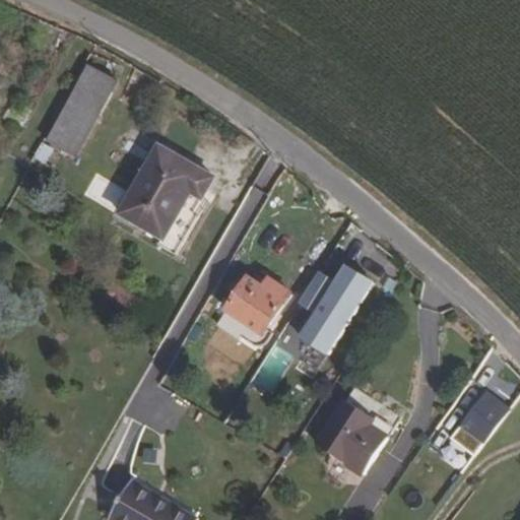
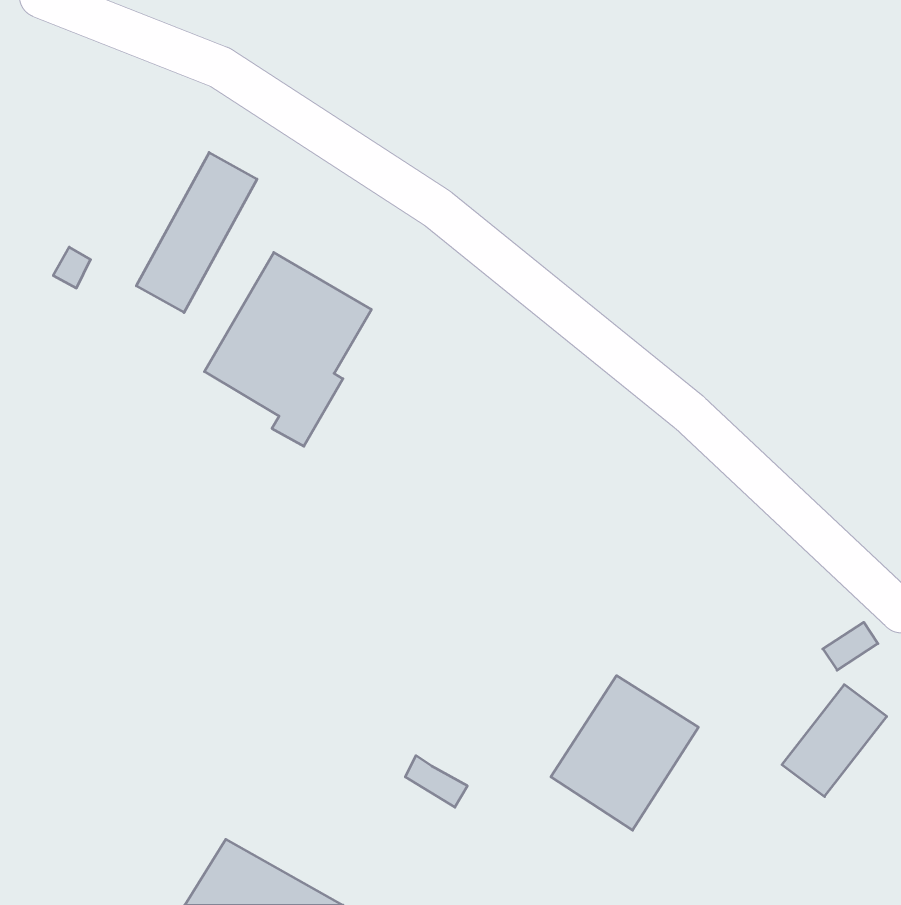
building: [46,64,115,155] -> [136,152,257,313]
building: [294,270,369,360] -> none
building: [223,275,288,333] -> none

